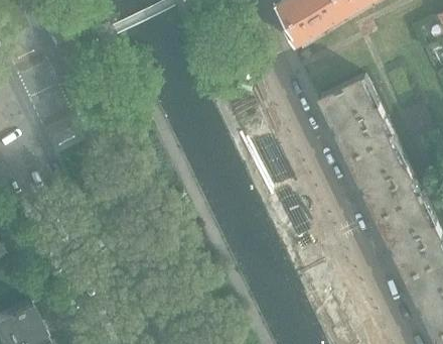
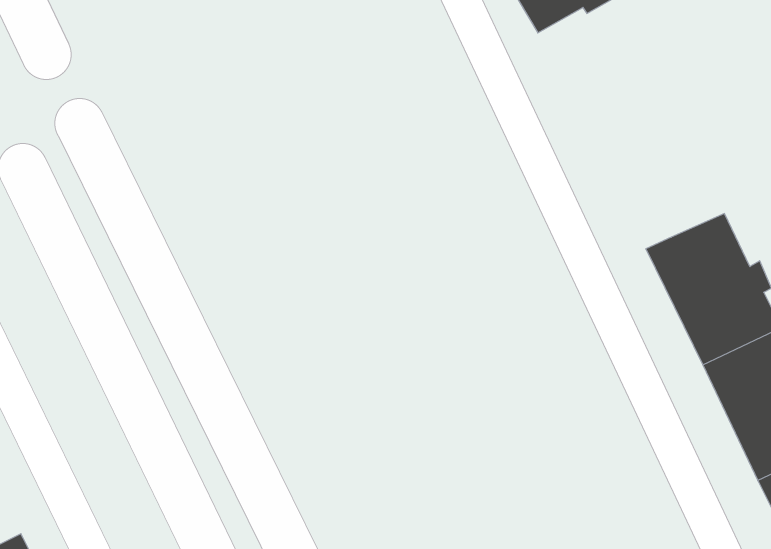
building: [320,76,390,156] -> none

